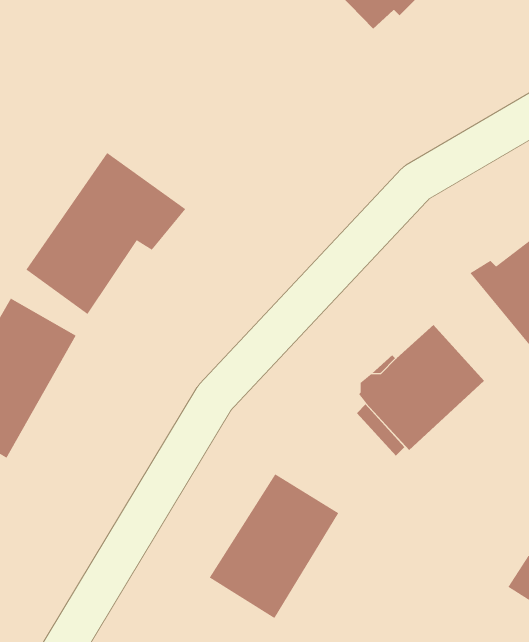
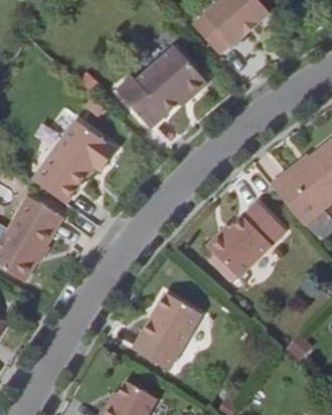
building: none -> [120,45,211,127]

